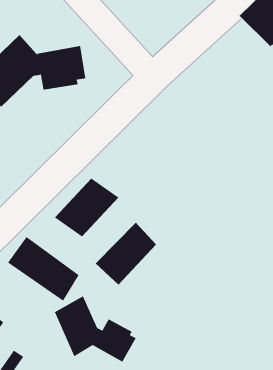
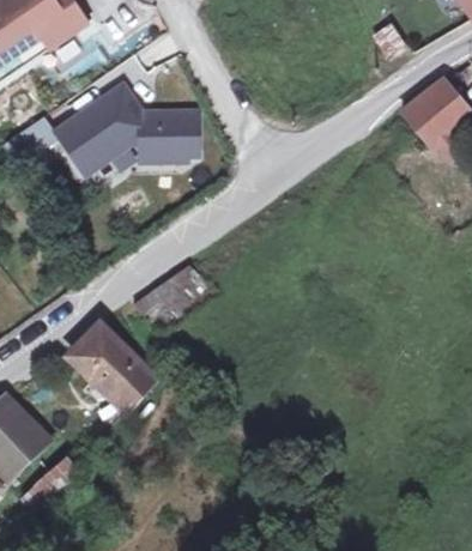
building: [95,222,157,285] -> none
building: [54,295,136,362] -> none

